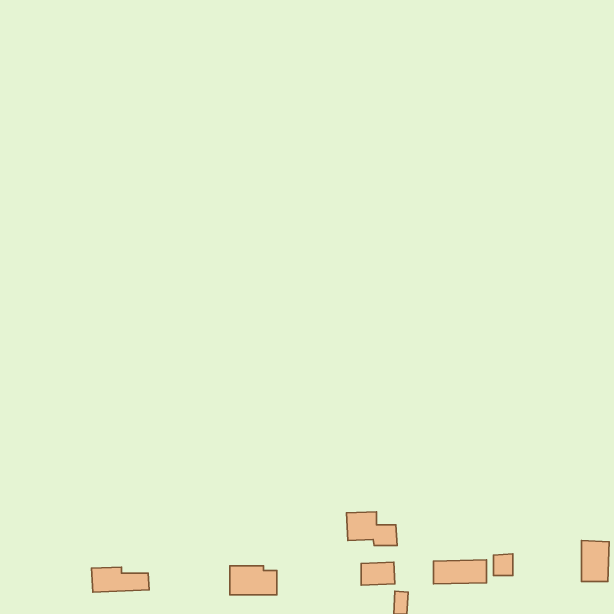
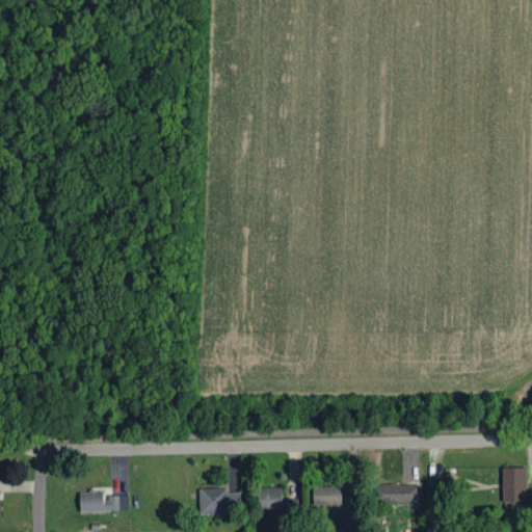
building: [347,512,397,545] -> [256,486,299,515]

